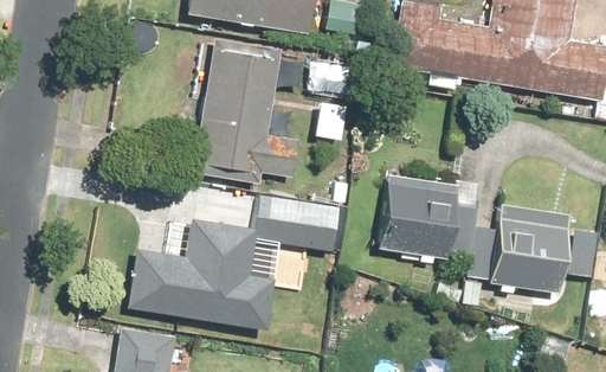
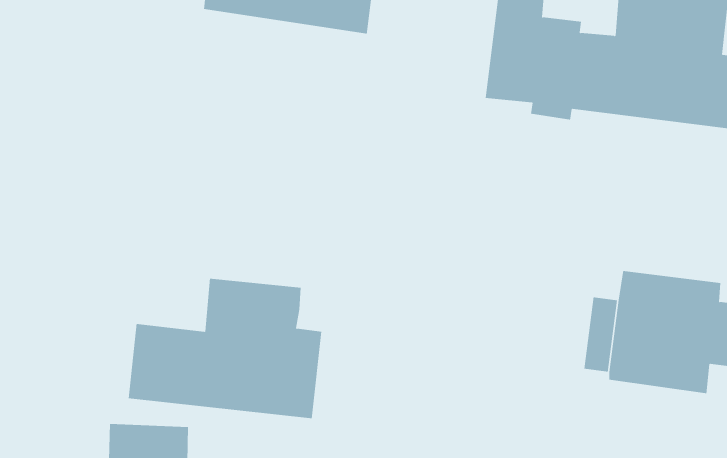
building: [193,38,302,180] -> none
building: [374,171,456,259] -> none
building: [258,190,347,250] -> none

